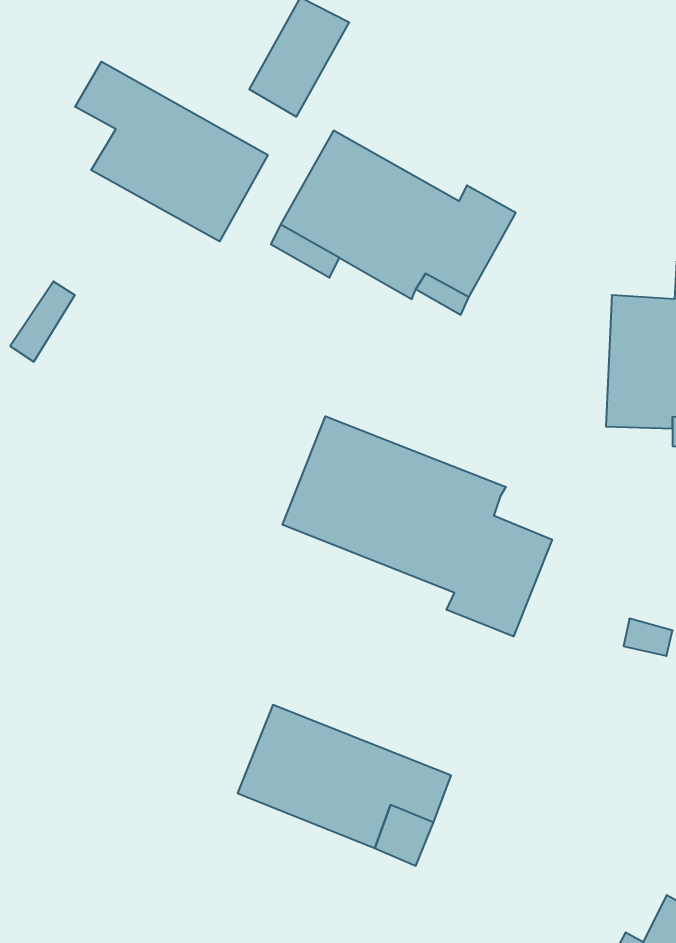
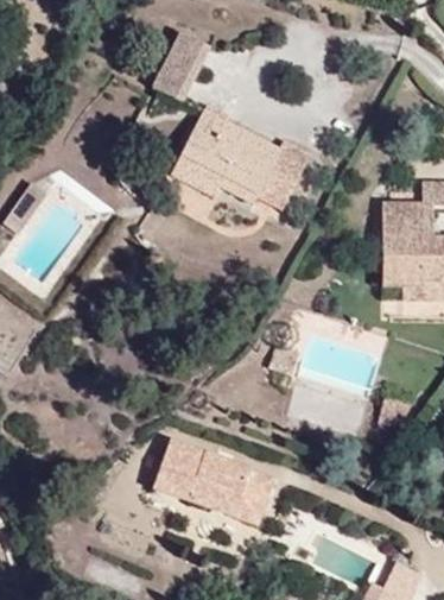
building: [75,62,268,241] -> none
building: [283,416,552,636] -> none

